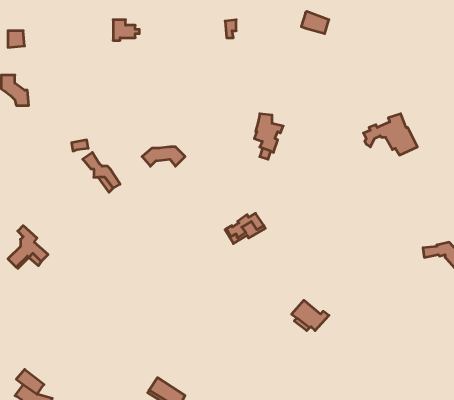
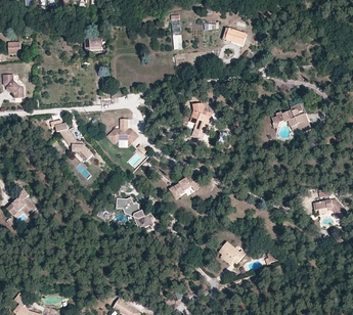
building: none -> [117,196,152,226]

